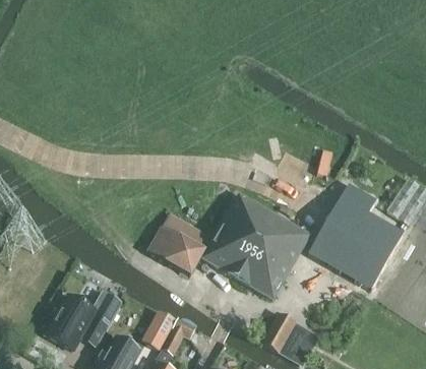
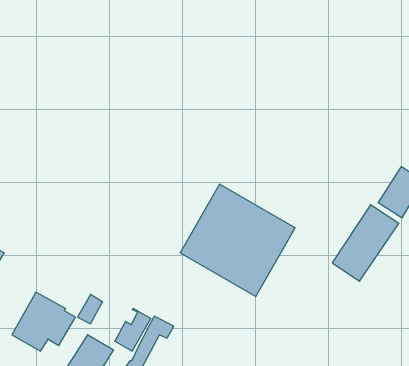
building: [309,189,379,265] -> none
building: [148,211,214,275] -> none
building: [262,311,312,357] -> none

